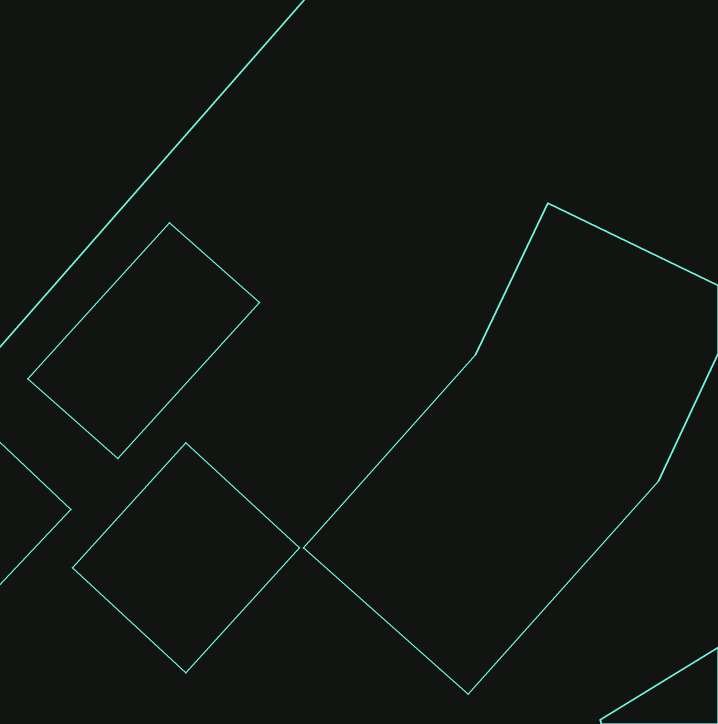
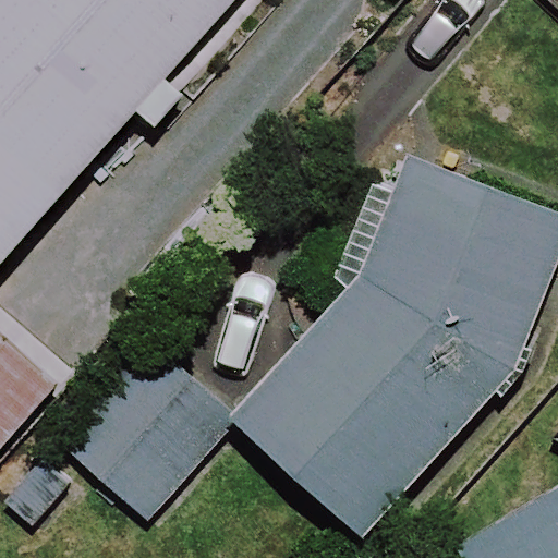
building: [28,223,260,458] -> none

